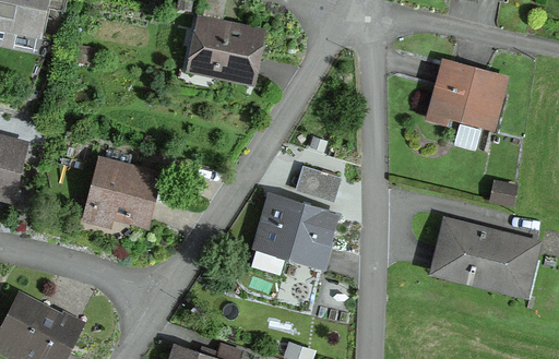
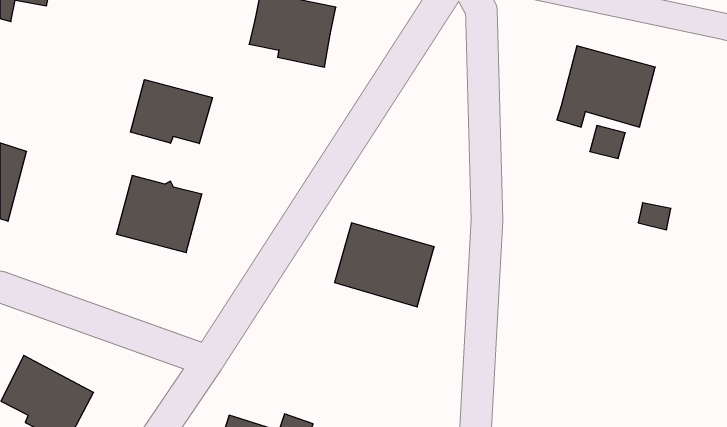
building: none -> [131,80,213,144]
building: [302,169,348,205] -> none
building: [433,223,534,287] -> none

